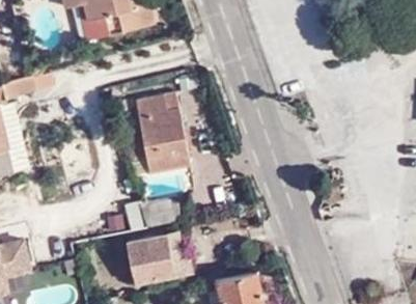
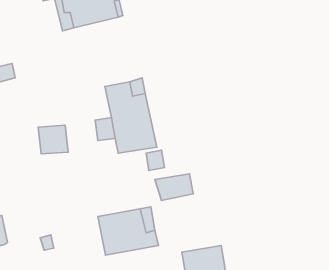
building: [136,200,177,229] -> [155,174,193,201]

